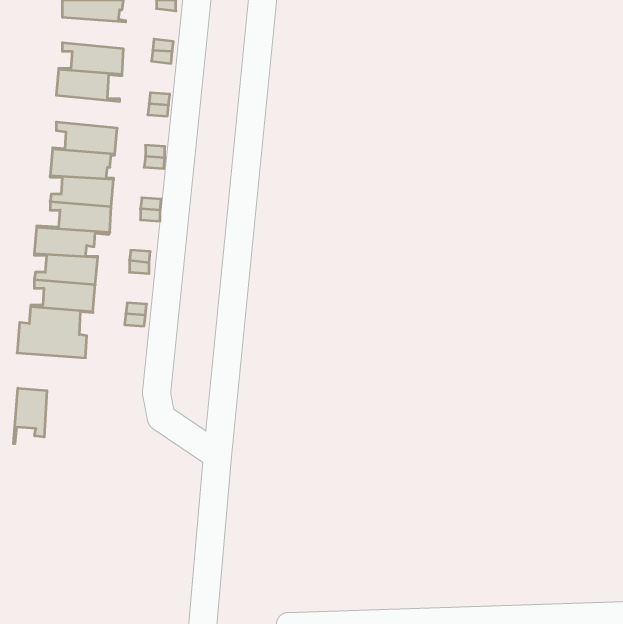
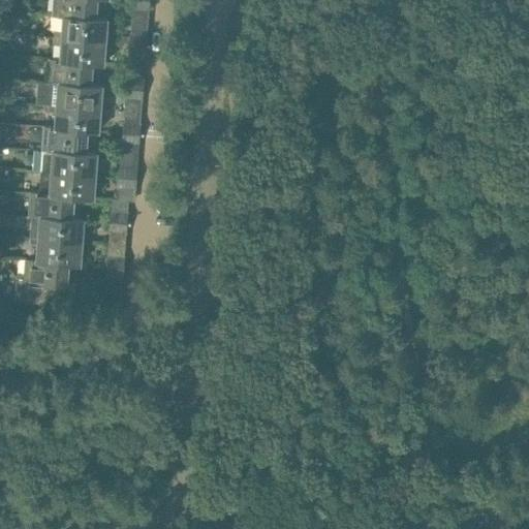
building: none -> [54,14,107,41]
building: none -> [49,81,105,108]
building: [13,388,47,444] -> none

